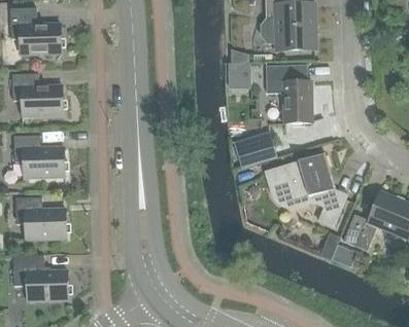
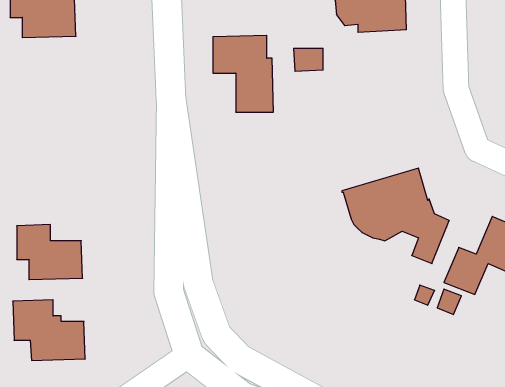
building: [266,64,312,122] -> [213,35,273,112]
building: [11,73,63,115] -> none
building: [247,134,277,162] -> none
building: [13,135,64,177] -> none

